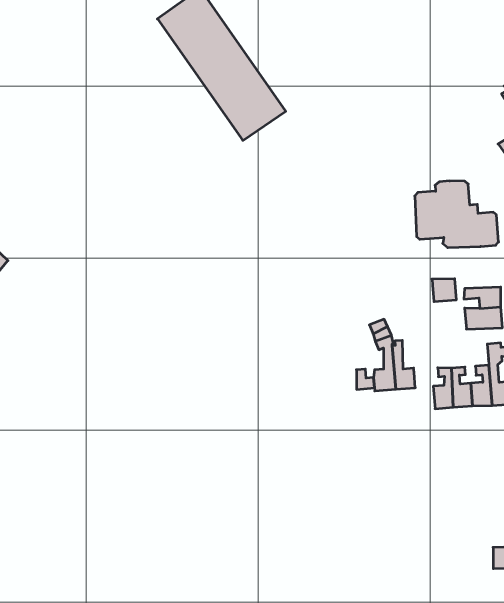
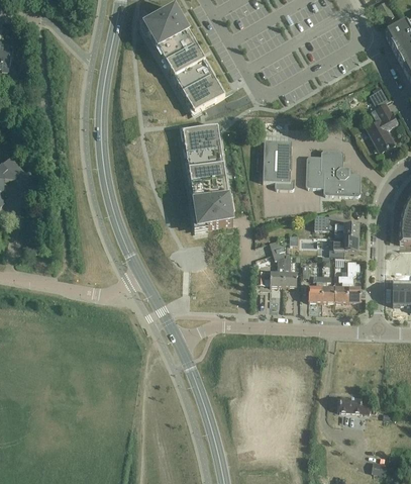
building: none -> [183,124,233,229]
building: none -> [263,140,294,188]

